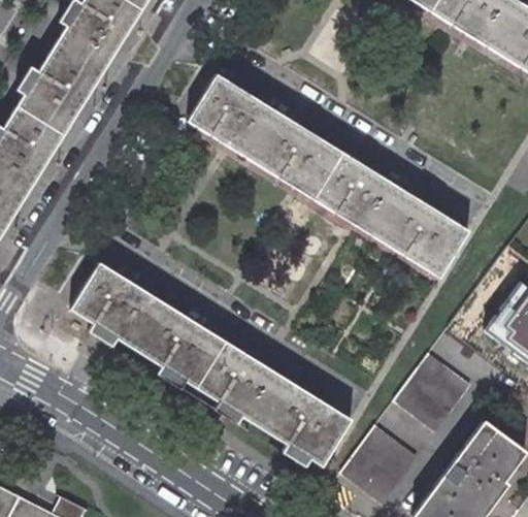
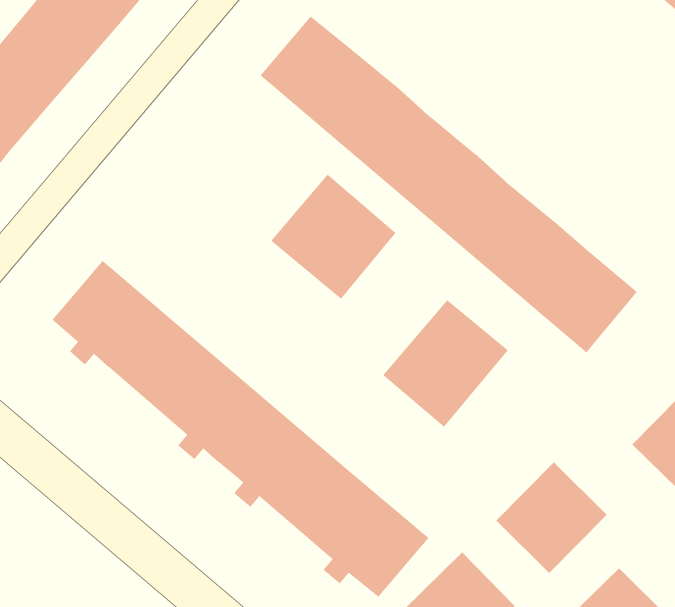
building: none -> [270,173,397,300]
building: none -> [382,299,509,428]

